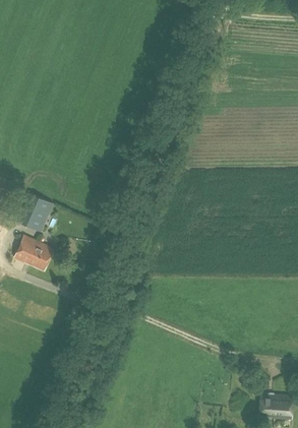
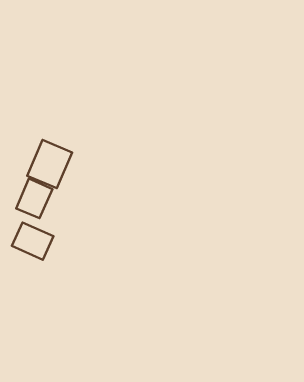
building: none -> [27,140,72,188]

